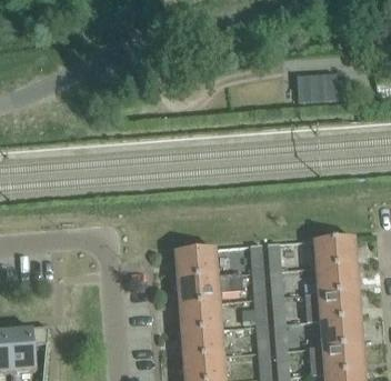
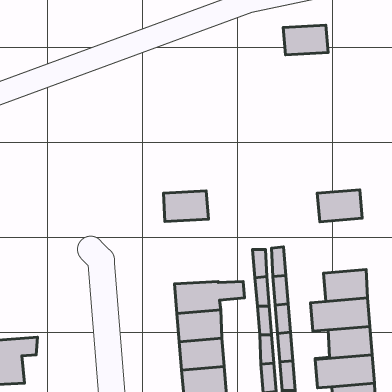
building: [295,74,338,102] -> [283,25,328,55]
building: [314,238,357,268] -> [317,190,362,222]
building: [176,249,218,278] -> [164,191,208,222]

